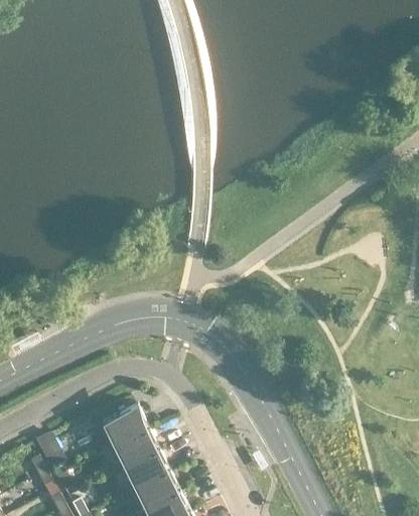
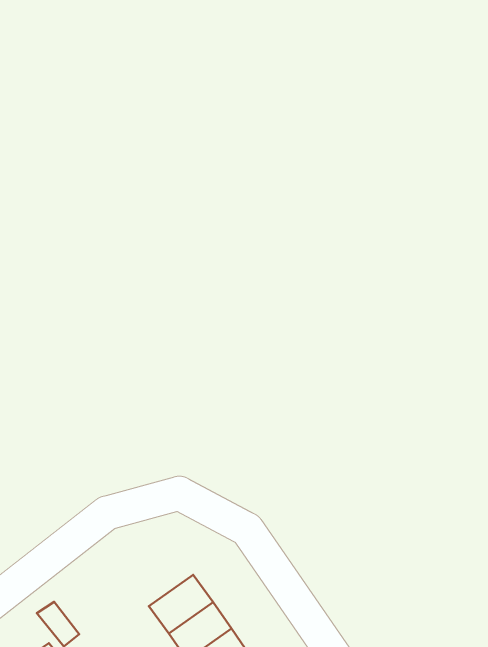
building: [104,406,149,450] -> none

